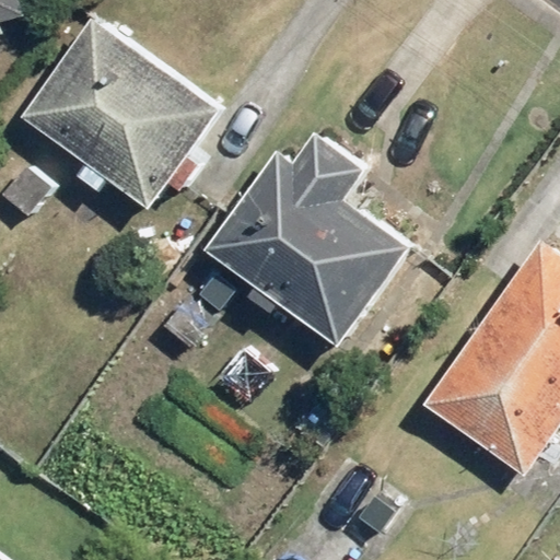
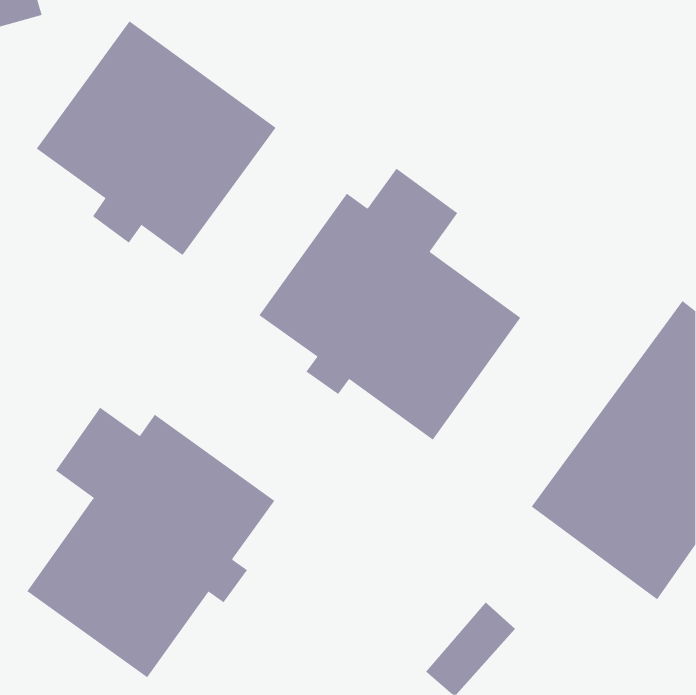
building: none -> [27,407,275,678]

